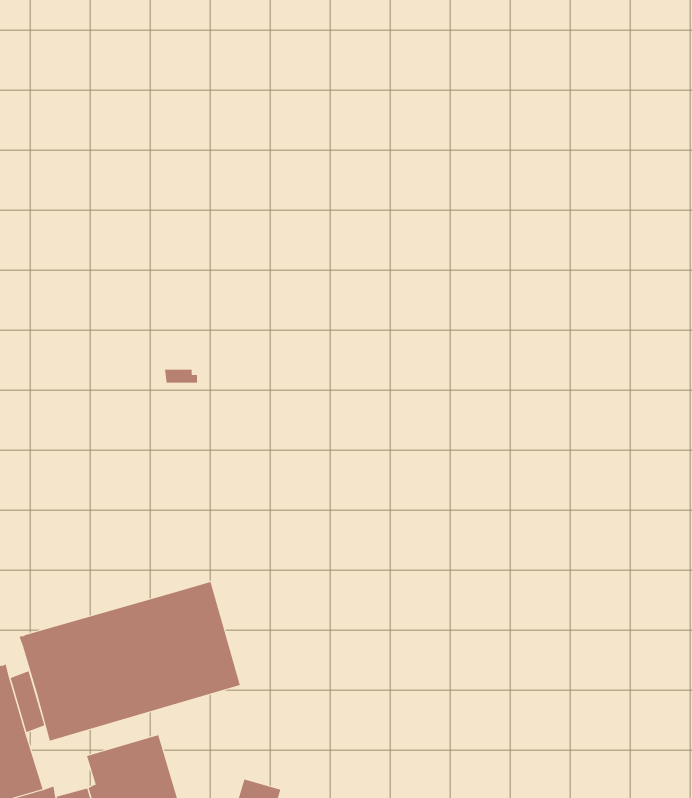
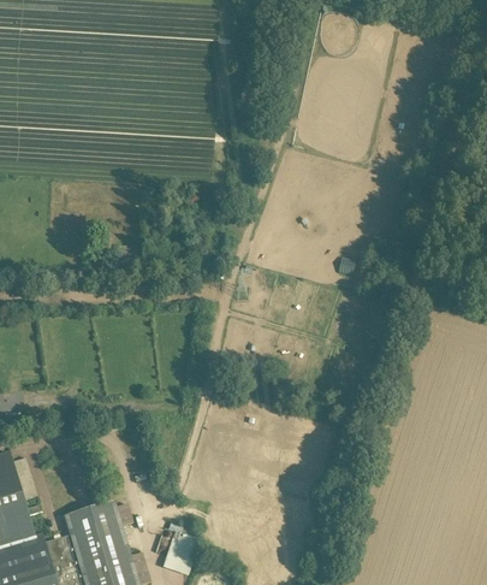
building: [19,581,241,742] -> none

